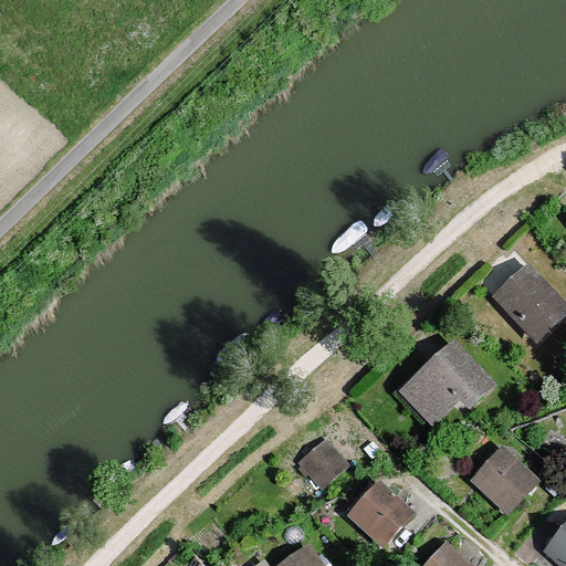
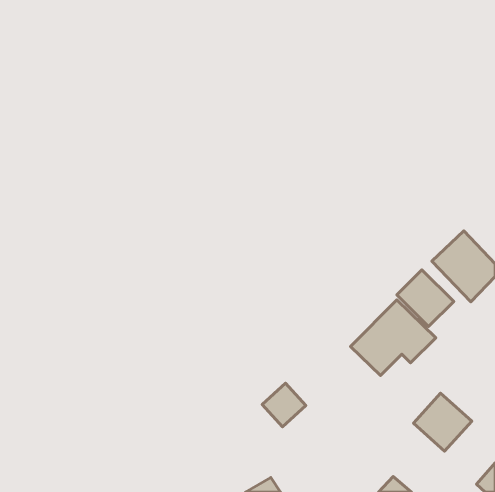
building: none -> [397,270,454,326]
building: [348,482,413,547] -> none

